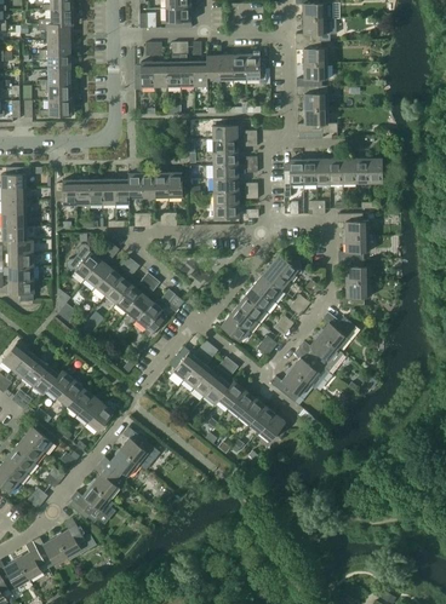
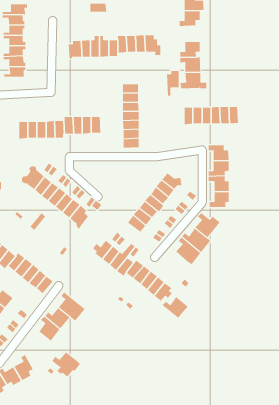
building: [296,41,327,64] -> none
building: [284,160,303,197] -> [166,70,180,96]
building: [270,369,309,402] -> [162,296,188,319]
building: [72,485,114,523] -> [52,352,81,377]

